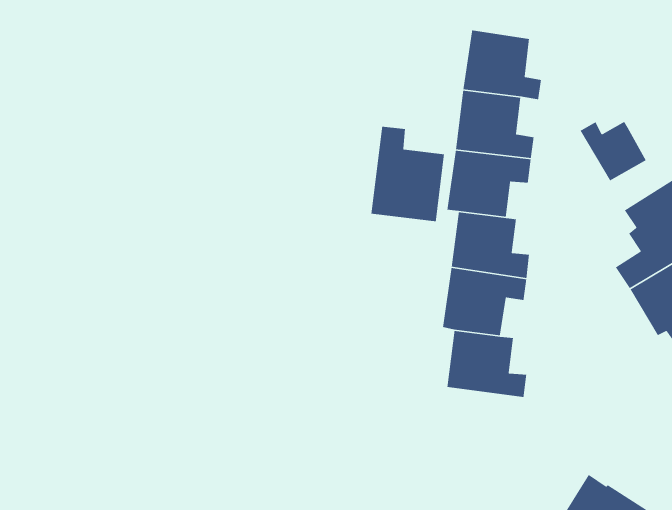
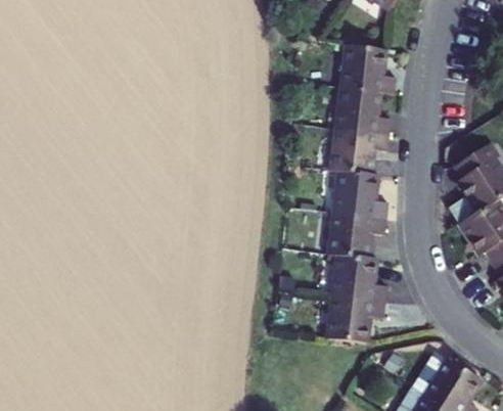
building: [579,121,647,181] -> none
building: [370,126,445,222] -> none
building: none -> [324,292,384,342]

